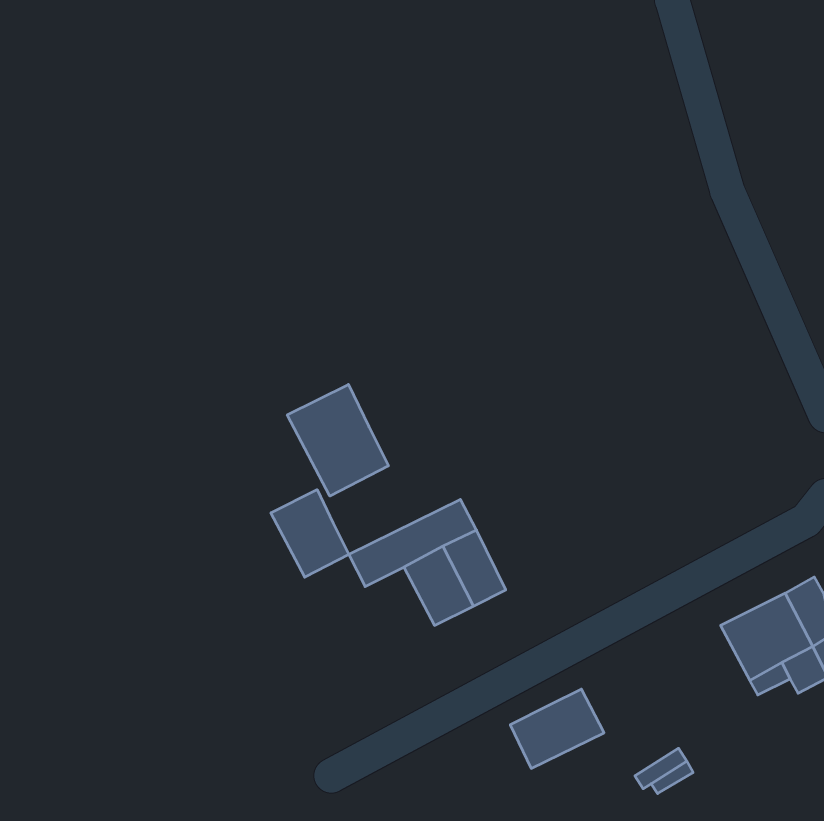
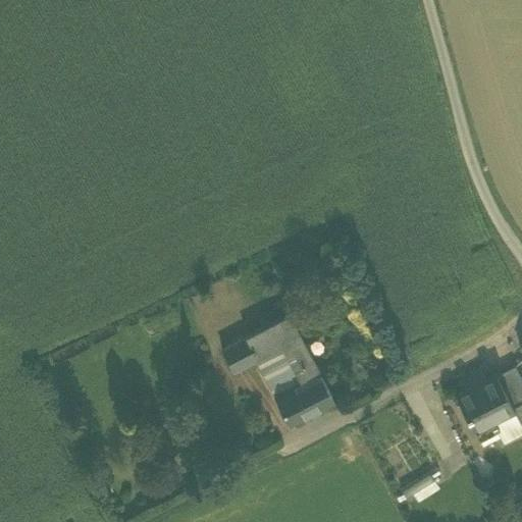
building: [287,384,388,496] -> none
building: [271,490,349,577] -> none
building: [510,689,604,768] -> [275,375,334,425]

